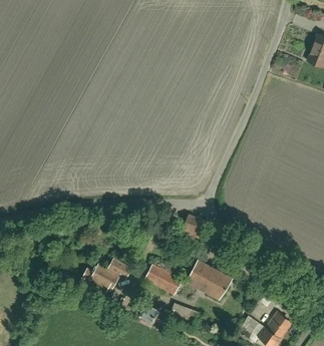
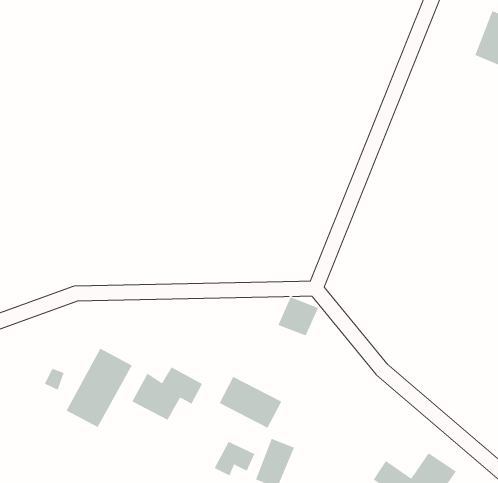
building: none -> [66,348,132,428]
building: [187,259,233,300] -> none

